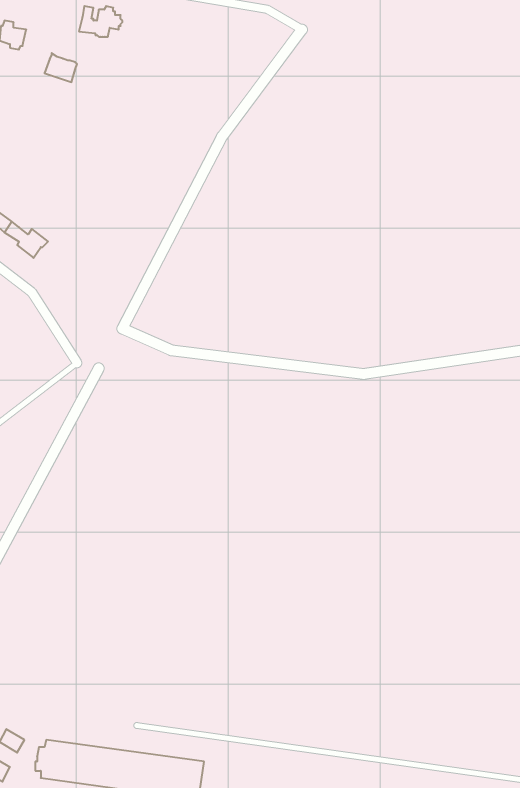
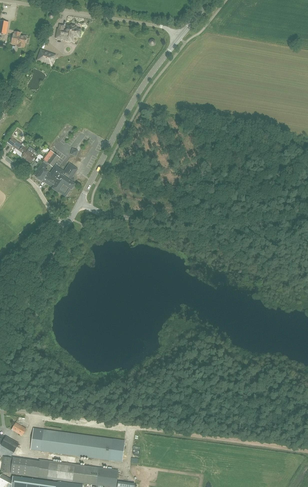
building: none -> [34,150,76,193]

